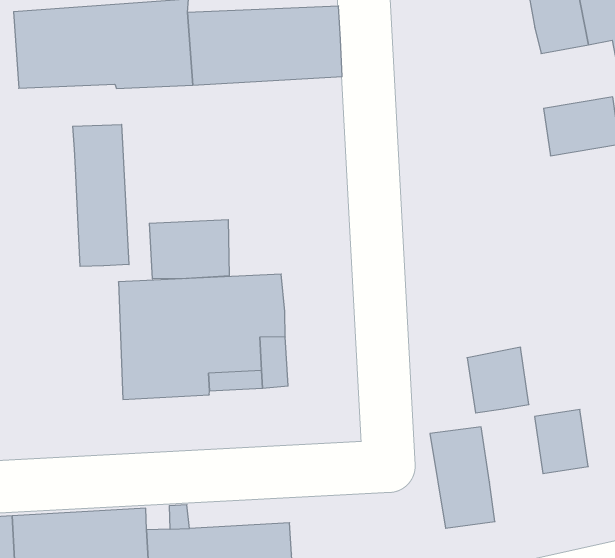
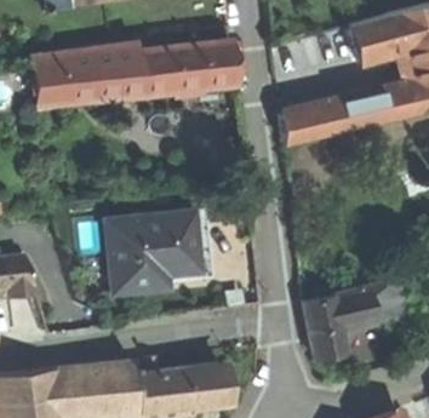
building: none -> [280,92,368,143]
building: [73,124,129,266] -> none
building: [149,220,229,279] -> none
building: [467,347,529,413] -> [336,287,376,330]

